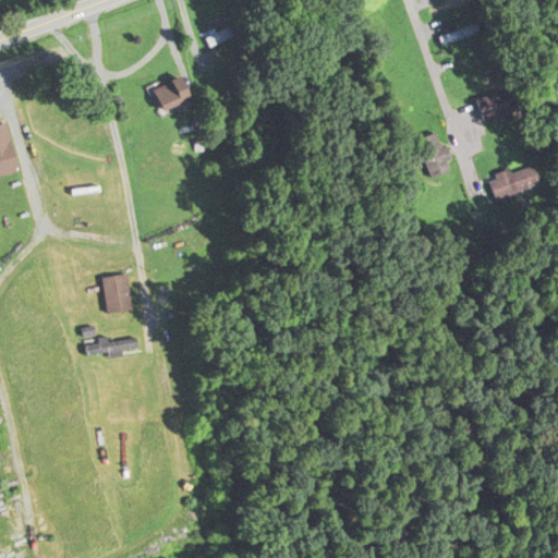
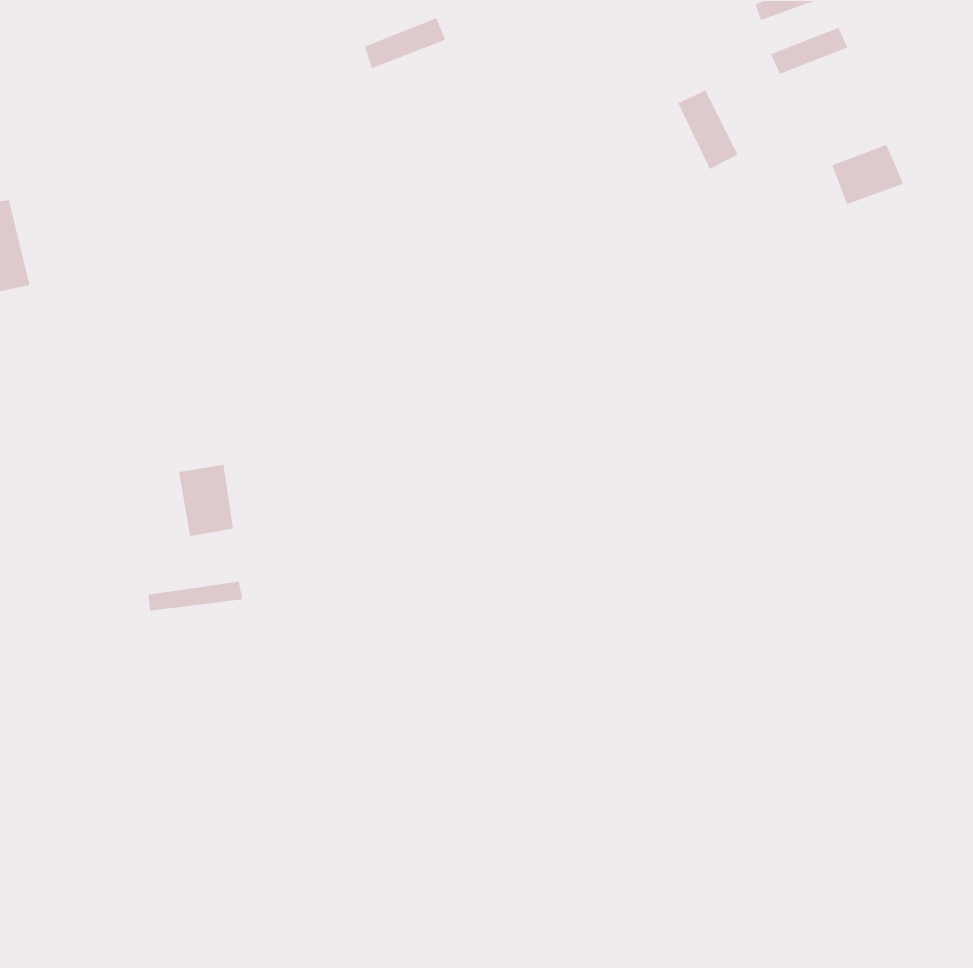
building: [154,74,187,102] -> none
building: [415,134,450,180] -> [677,90,738,170]
building: [487,163,541,203] -> none

